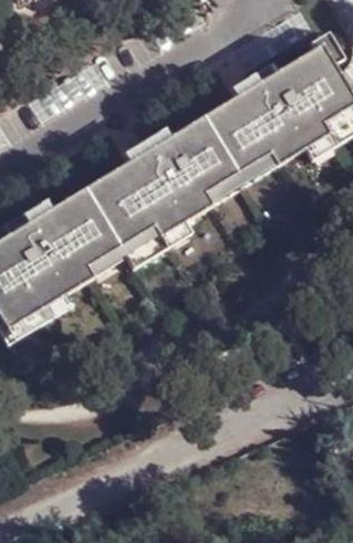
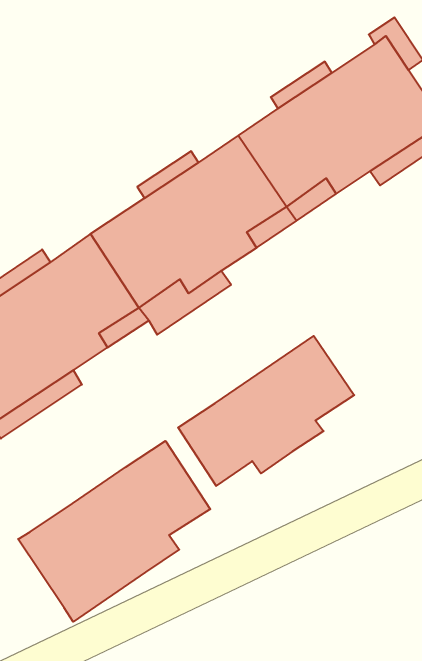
building: none -> [178,336,354,486]
building: none -> [18,441,210,622]

